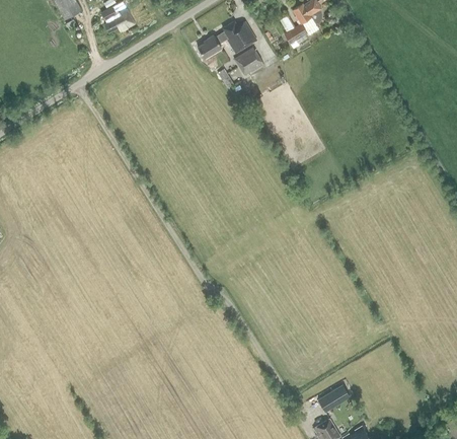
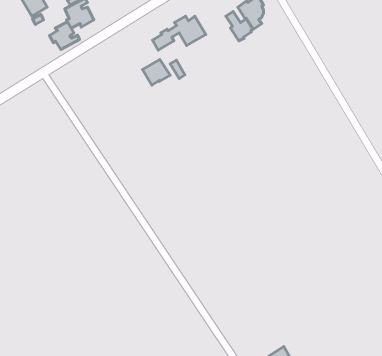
building: none -> [50,22,80,50]
building: [234,47,264,75] -> [143,59,170,85]

